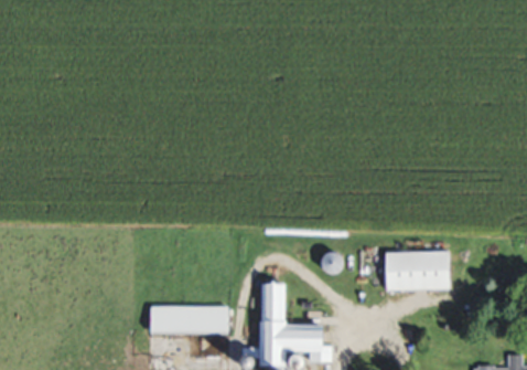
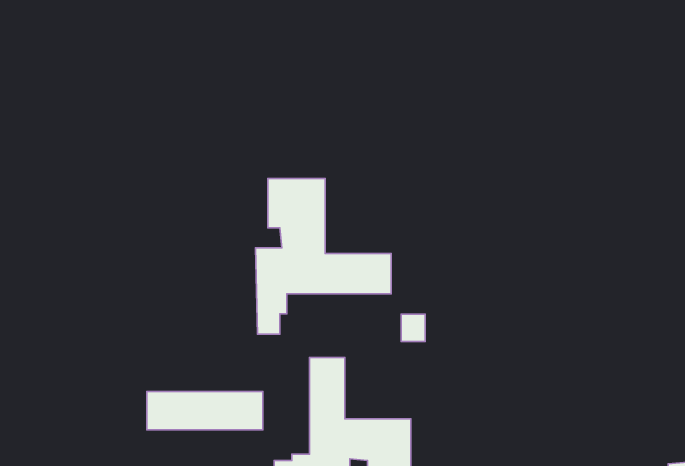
building: none -> [256,178,391,334]
building: [386,251,451,290] -> none

